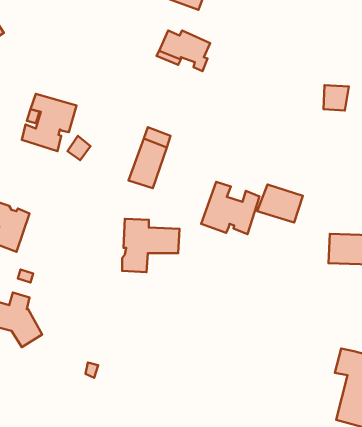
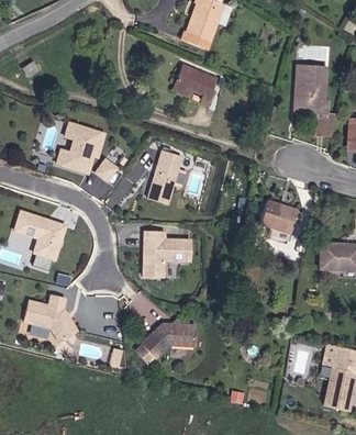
building: none -> [293,65,329,113]
building: [201,182,260,234] -> none
building: none -> [141,323,196,357]

